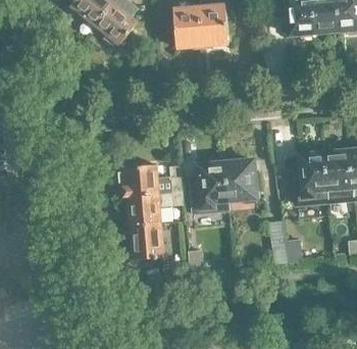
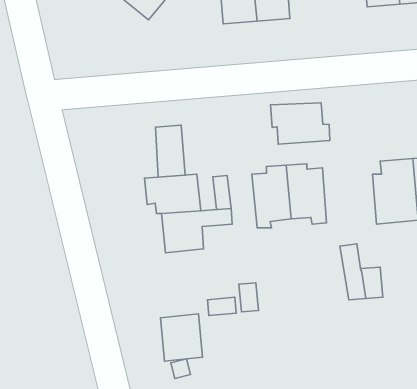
building: none -> [270,103,330,144]
building: none -> [156,125,185,177]
building: [132,223,164,260] -> [161,314,202,361]

